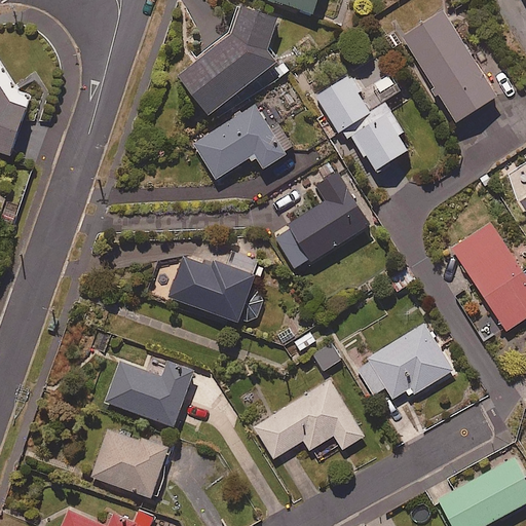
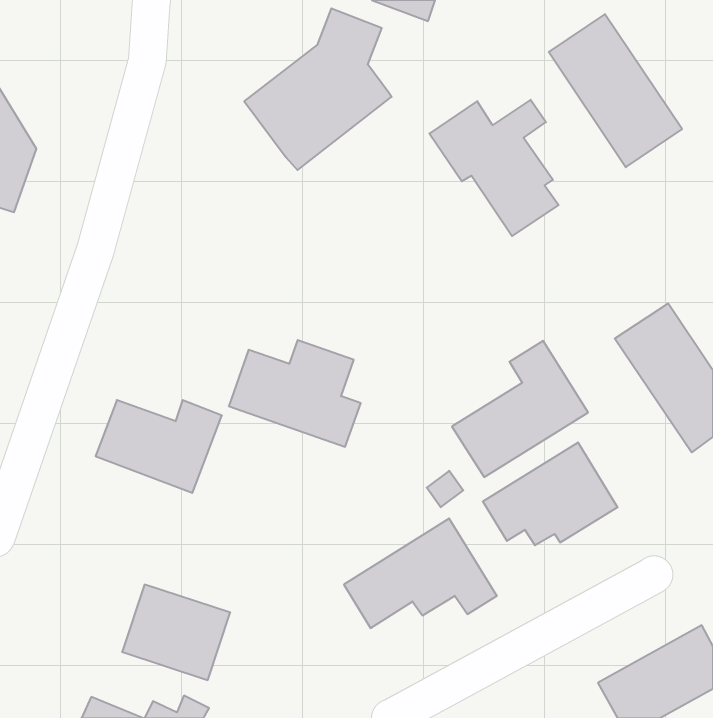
building: [192,100,295,180] -> none
building: [271,172,371,271] -> [452,341,588,477]
building: [103,360,195,427] -> [96,400,222,493]

